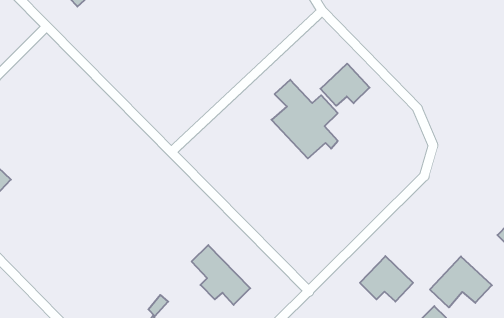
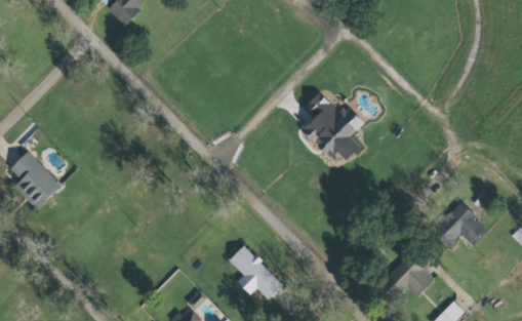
building: [320,64,370,106] -> none
building: [430,256,492,307] -> [432,203,489,250]

